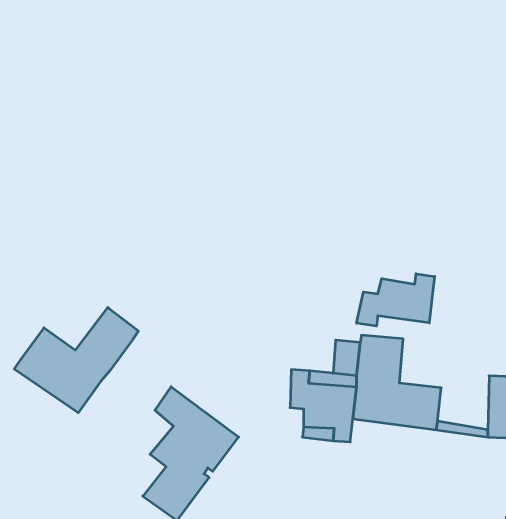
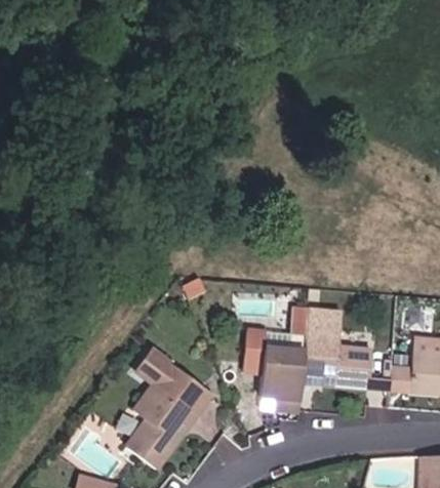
building: [357,274,435,326] -> none
building: [14,307,138,413] -> none

